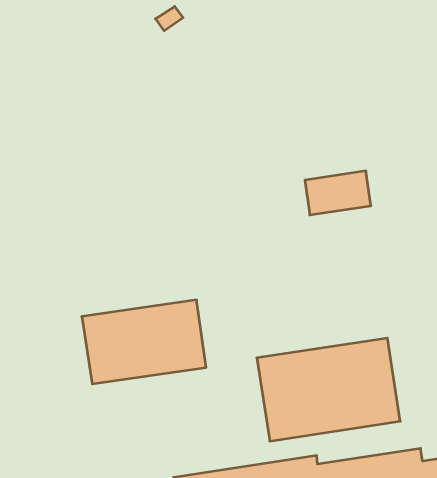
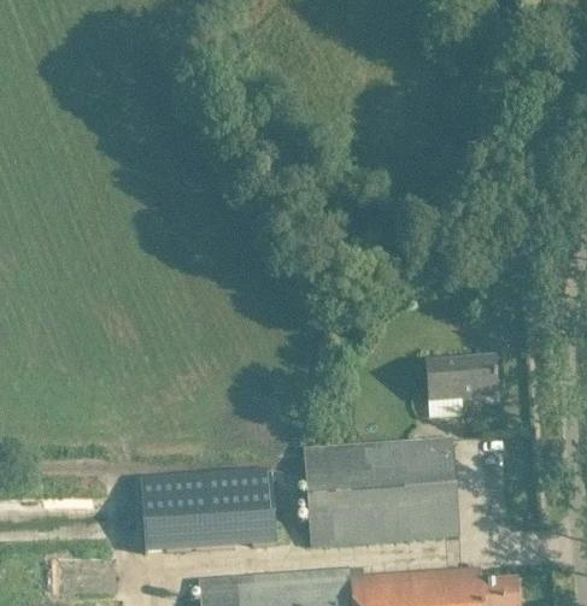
building: [305,171,371,215] -> [425,358,498,402]
building: [82,300,206,384] -> [140,466,276,552]

